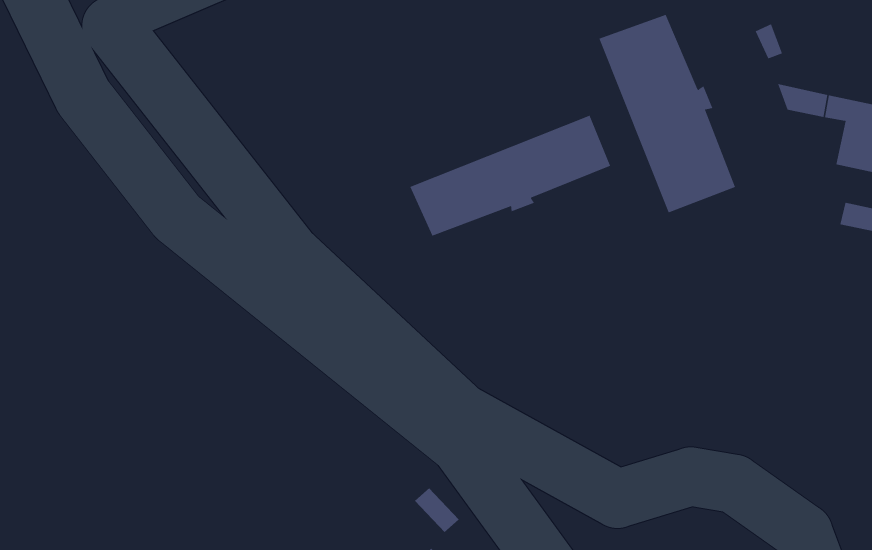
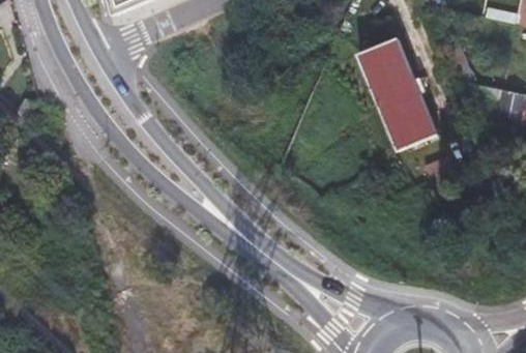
building: [410,115,611,237] -> none

